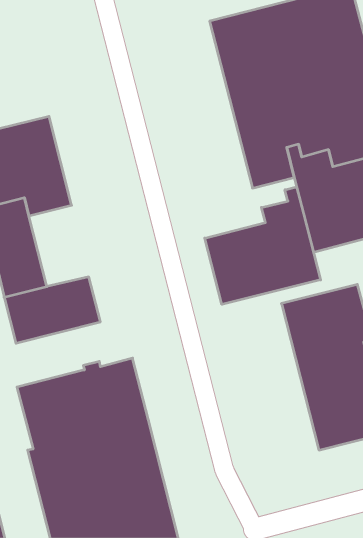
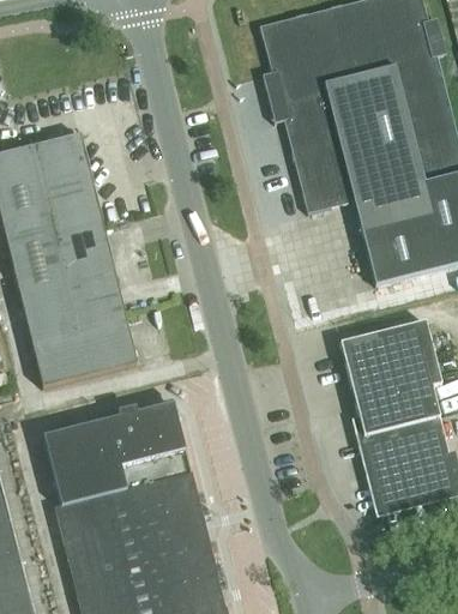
building: [205,187,321,304] -> none
building: none -> [56,231,123,323]

